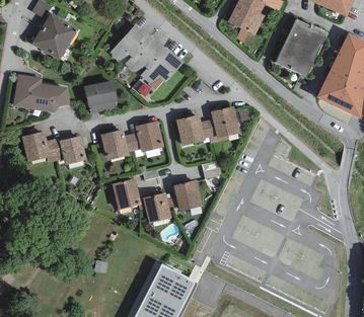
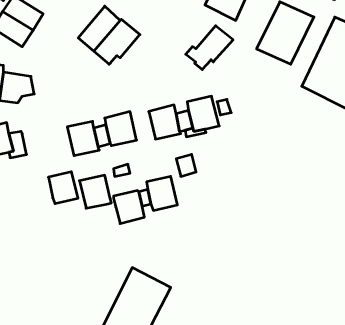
building: [140,49,184,89] -> [186,26,233,70]
building: [84,79,118,113] -> none
building: [59,135,86,164] -> [48,172,78,204]

